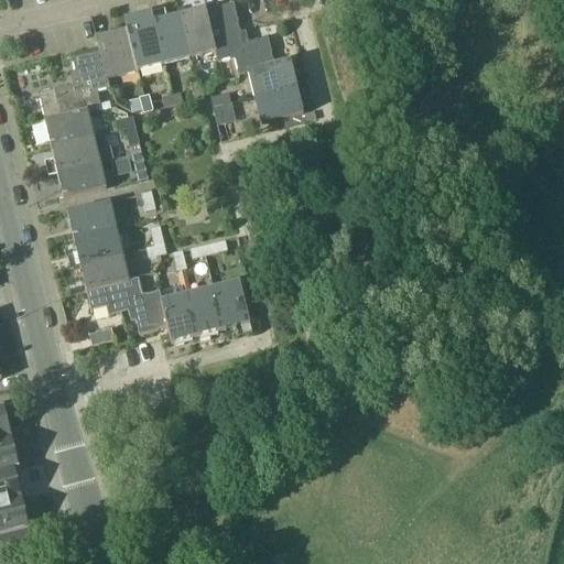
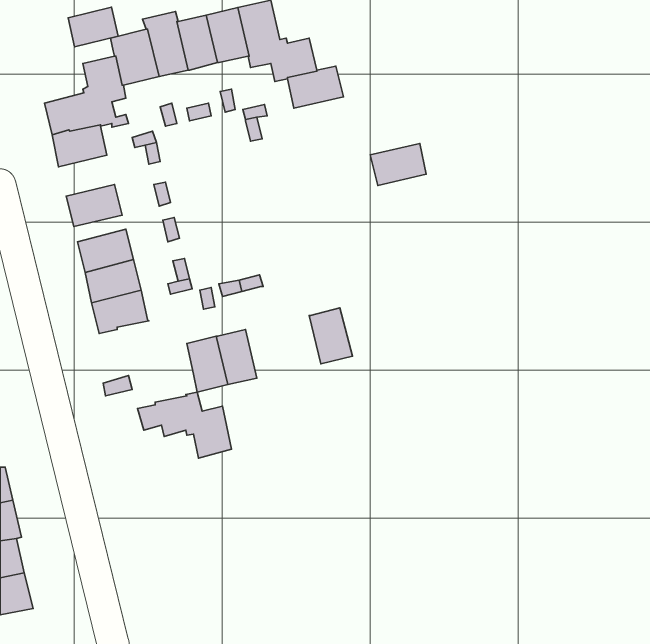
building: none -> [68,7,118,47]
building: [254,84,303,120] -> [370,143,426,185]
building: [51,134,115,170] -> none
building: [86,274,167,332] -> [137,392,232,458]
building: [213,279,250,327] -> [309,308,353,364]

